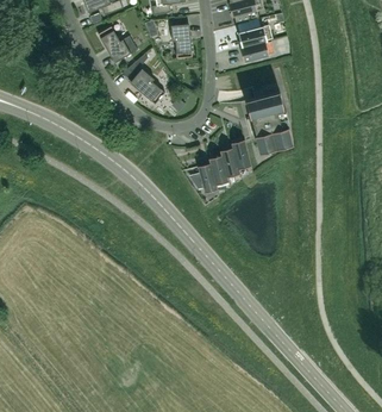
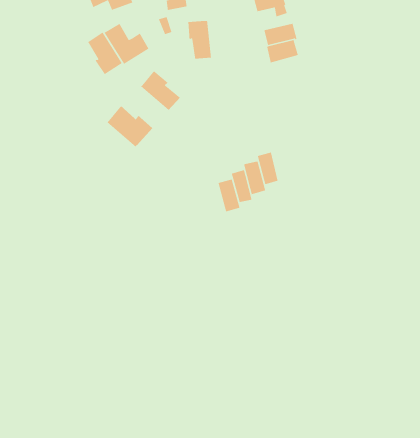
building: none -> [87,31,123,75]
building: [246,90,294,152] -> none
building: none -> [107,105,153,148]

